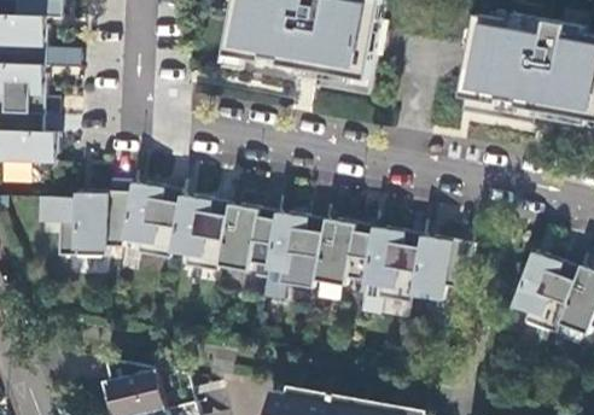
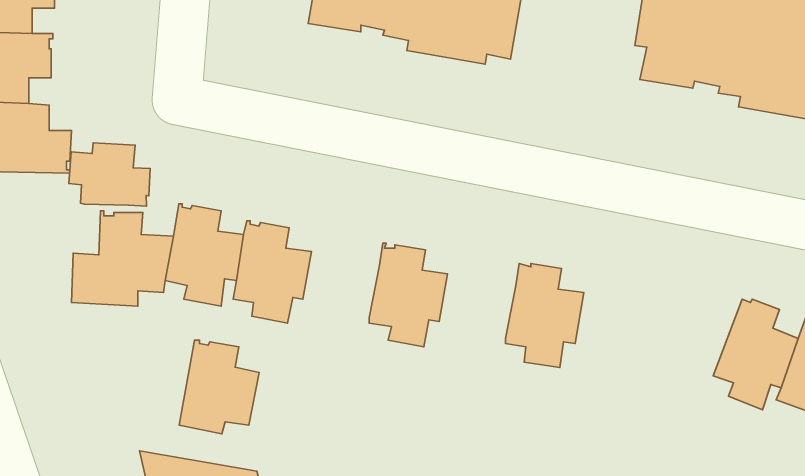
building: none -> [69,143,150,206]
building: [217,205,274,271] -> [179,340,259,434]
building: [314,220,371,285] -> none
building: [410,233,468,300] -> none

